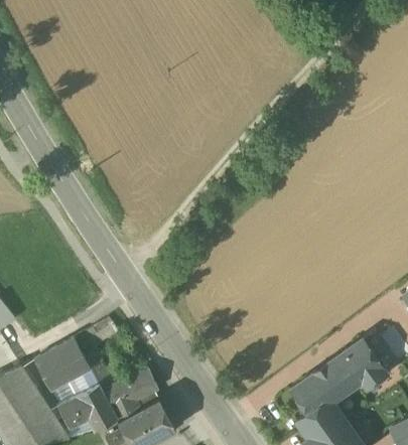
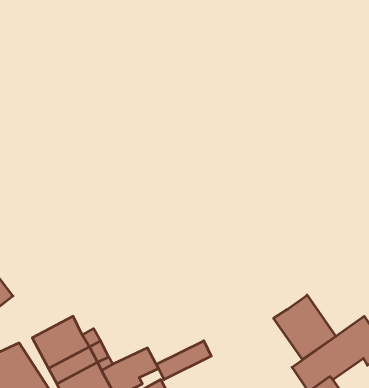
building: none -> [274,295,336,360]
building: none -> [157,341,211,380]

